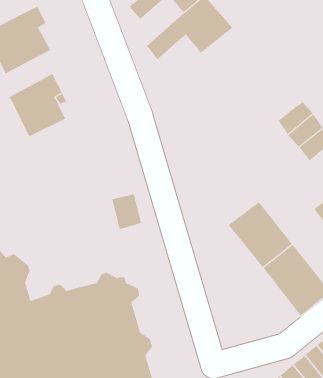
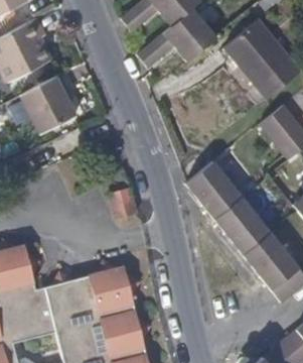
building: none -> [228,24,296,97]
building: none -> [184,160,243,220]

